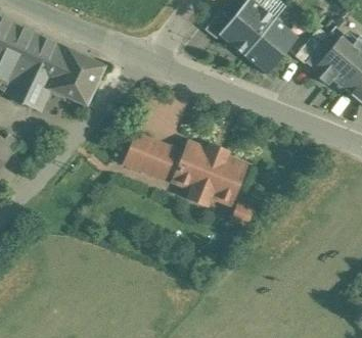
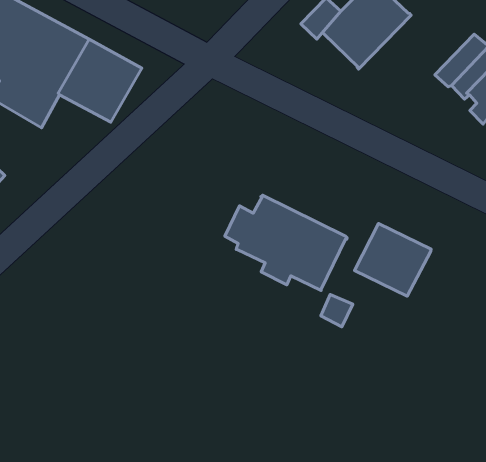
building: [244,18,298,75] -> none
building: [126,135,175,178] -> none
building: none -> [355,223,431,296]

